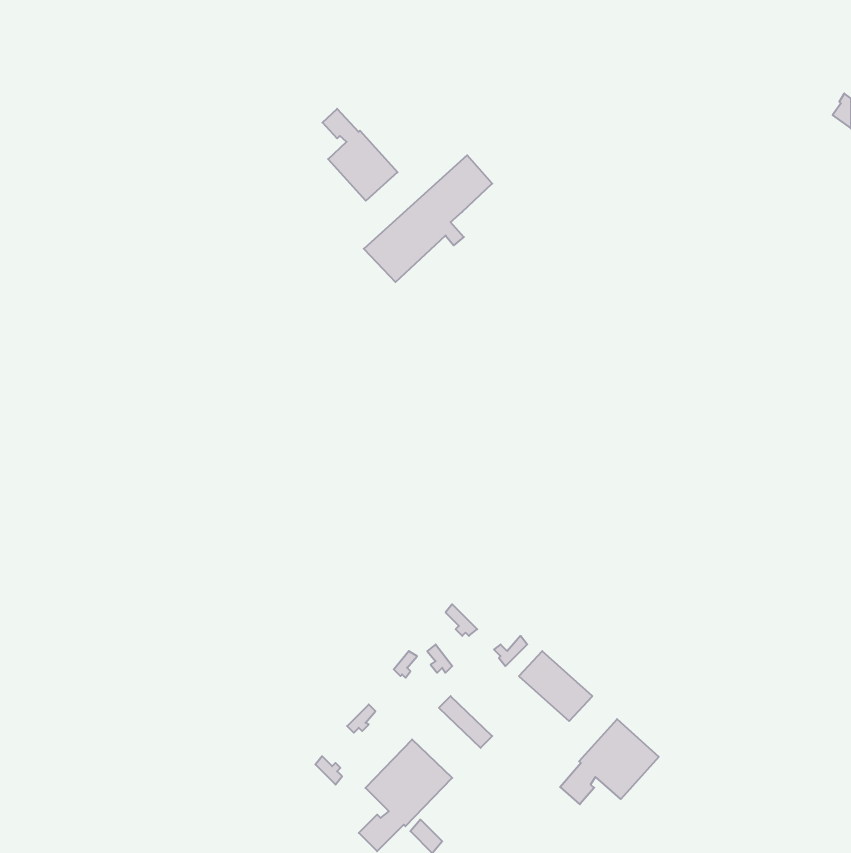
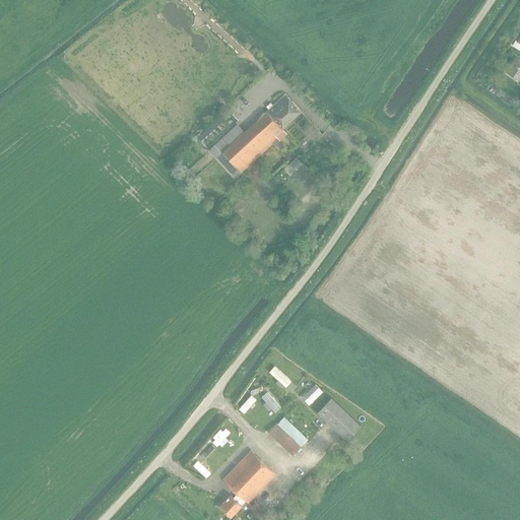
building: [322,109,398,201] -> none
building: [560,719,659,804] -> none

